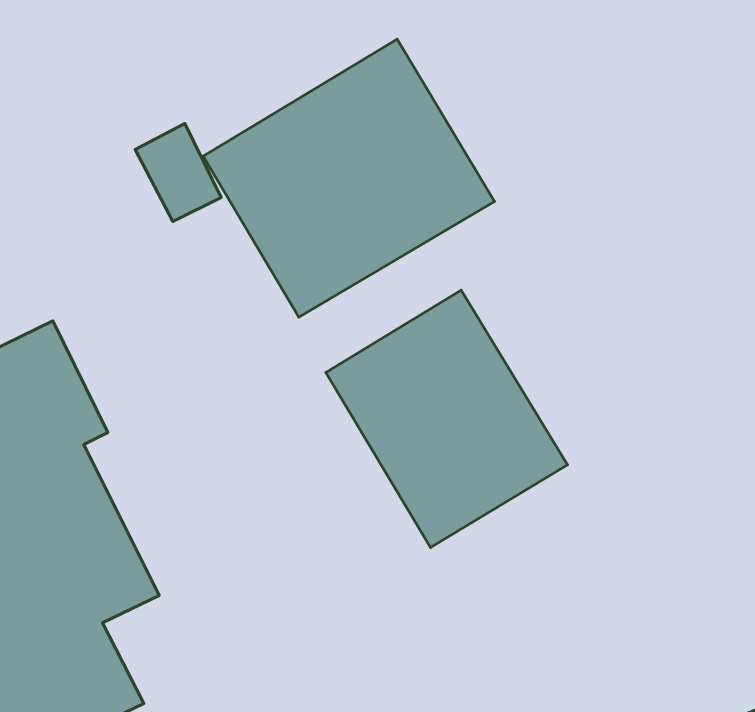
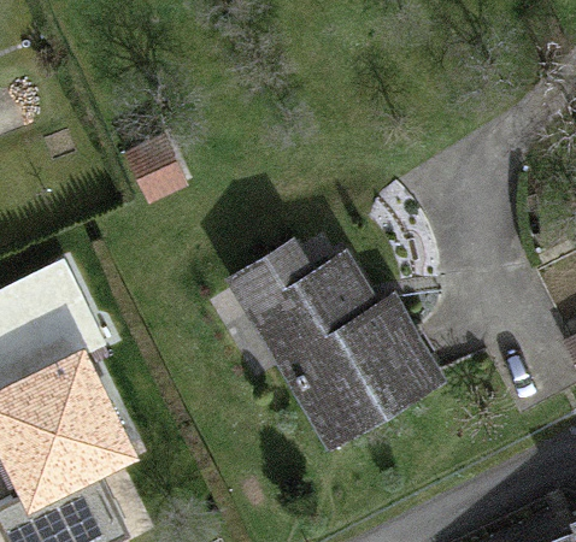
building: [203,39,495,317] -> none

